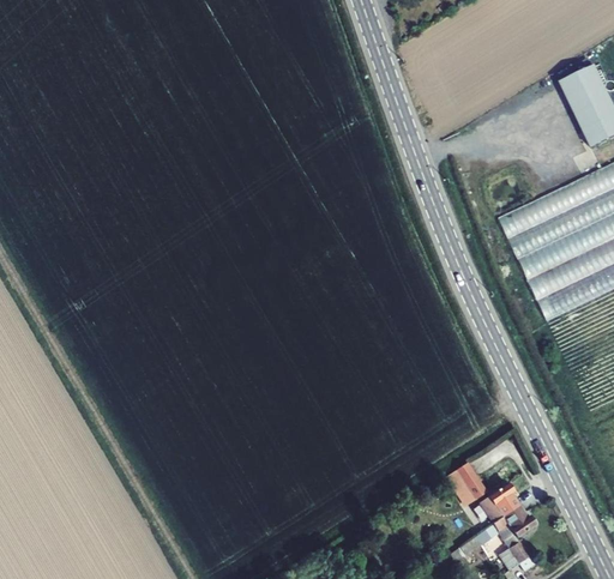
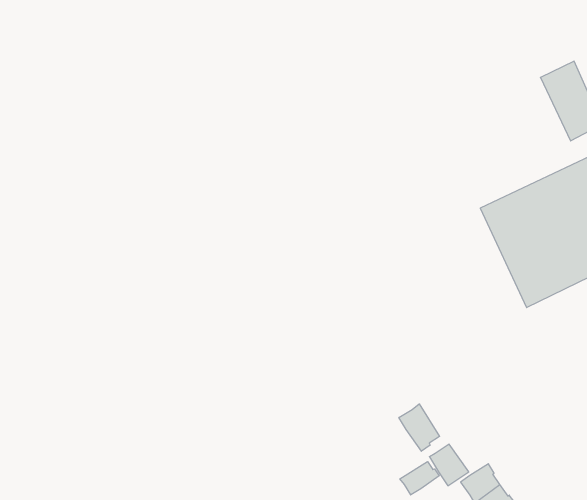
building: none -> [399,404,440,451]
building: none -> [400,462,439,495]

